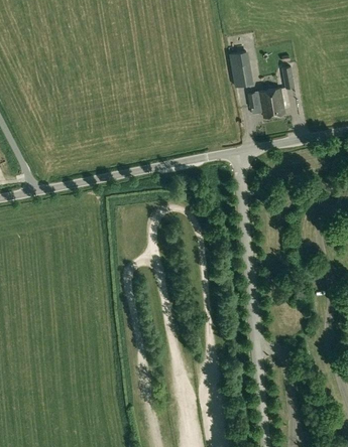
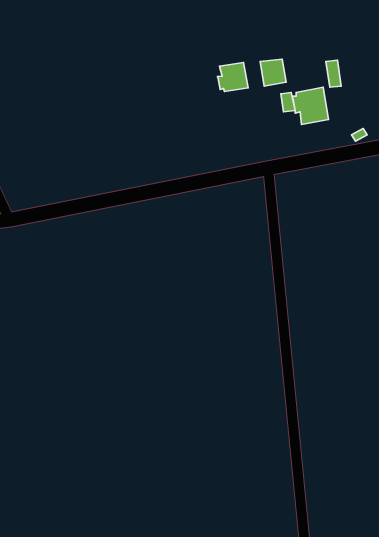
building: none -> [218,63,248,91]

